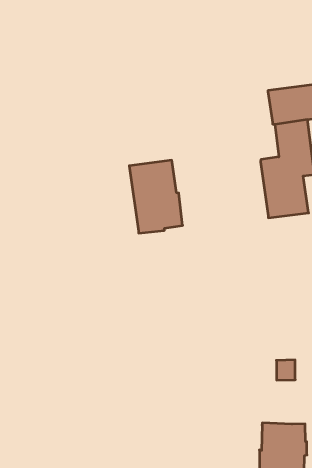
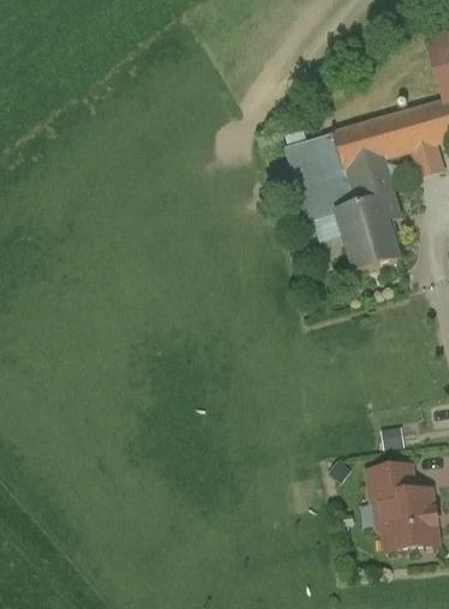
building: [129,160,183,233] -> [287,131,355,216]
building: none -> [367,464,414,498]

